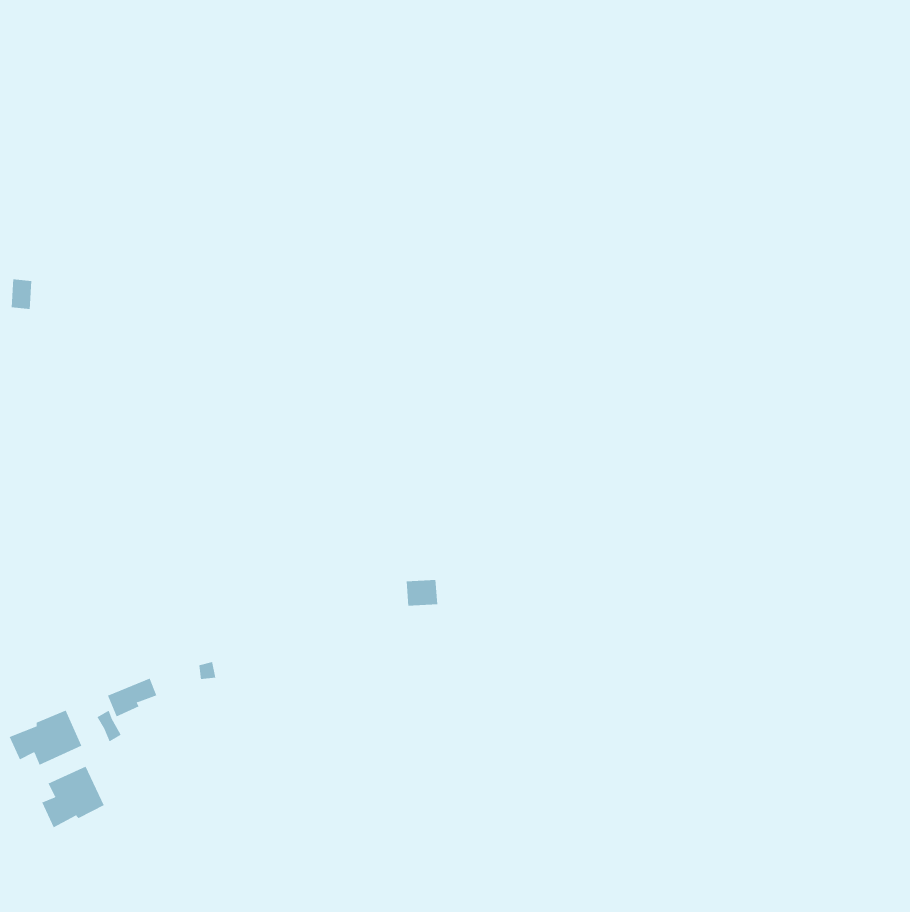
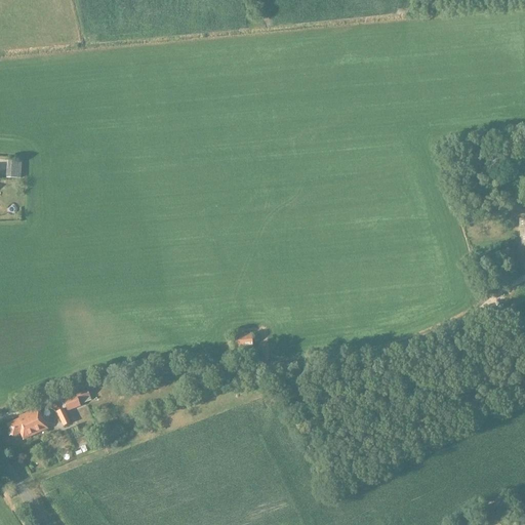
building: [41,766,104,828] -> none

